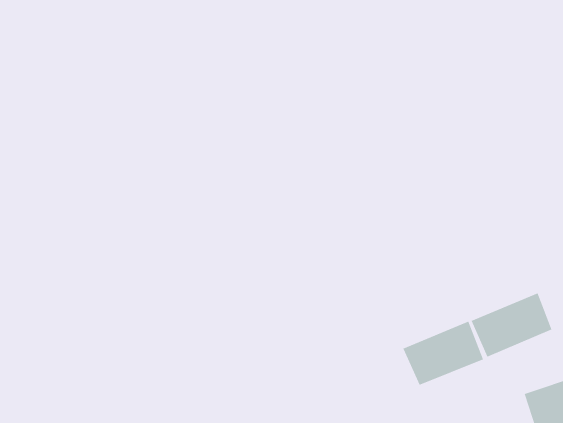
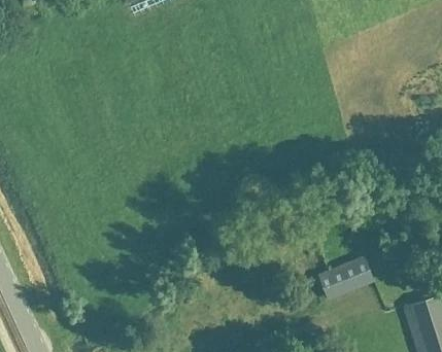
building: [471,292,552,358] -> none

